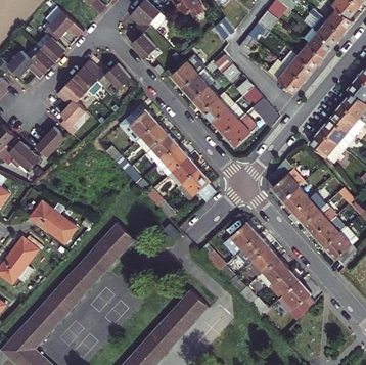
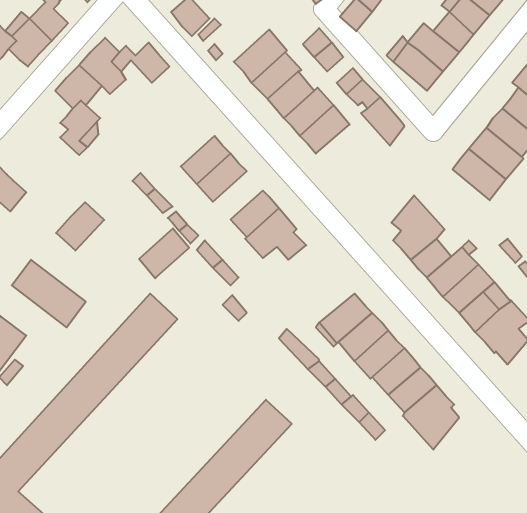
building: [119,104,158,142] -> none
building: [223,115,257,147] -> none
building: [35,127,65,157] -> [56,202,104,251]
building: [157,145,189,177] -> [139,228,189,278]

